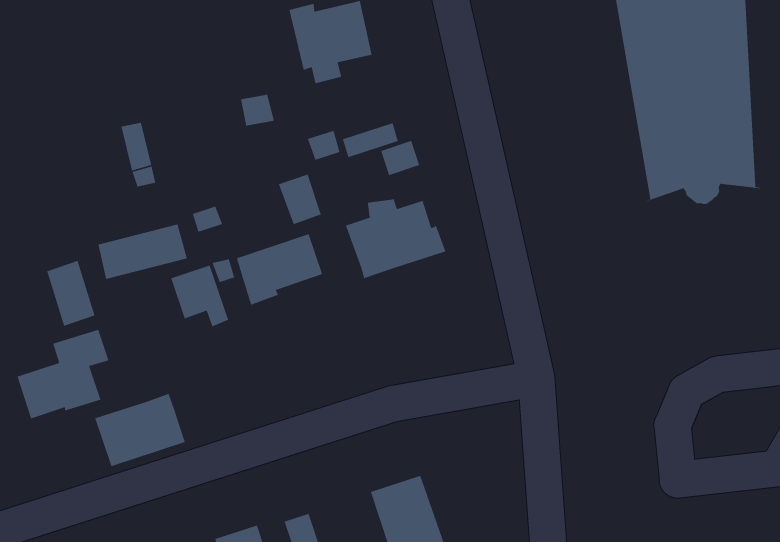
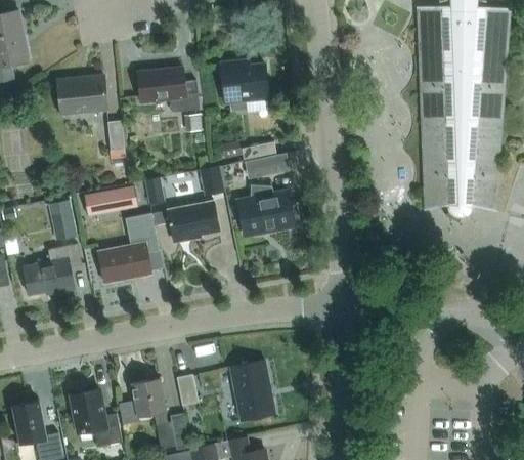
building: none -> [138,67,200,113]
building: none -> [58,76,106,114]
building: [94,393,186,467] -> [97,243,151,284]

